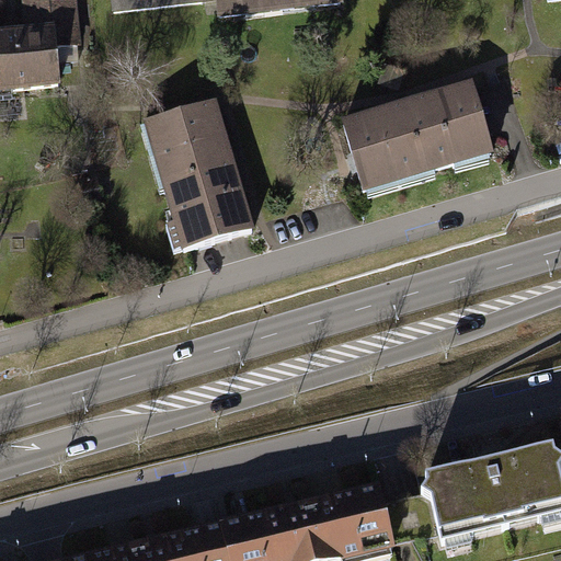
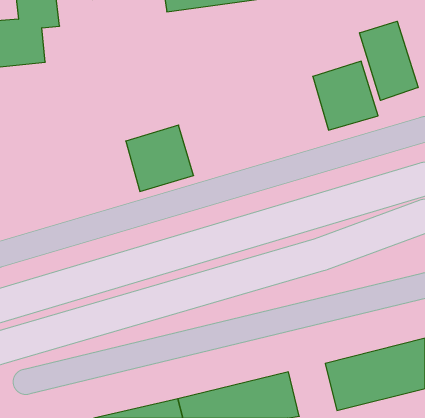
building: none -> [360,21,418,100]
building: [145,98,233,184] -> none
building: [344,100,430,190] -> none

